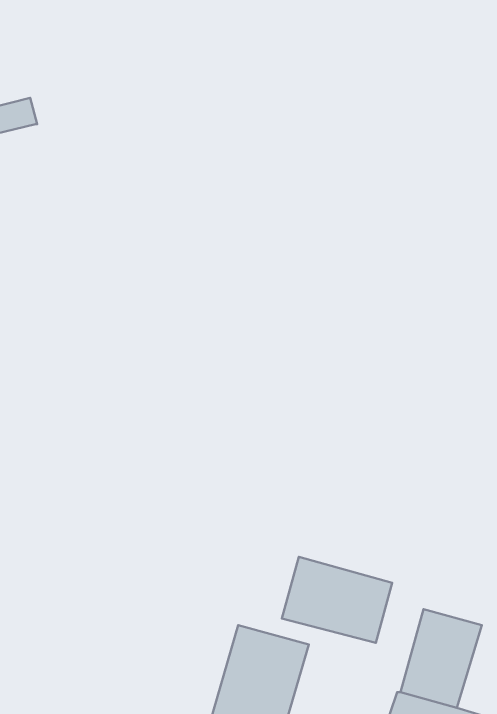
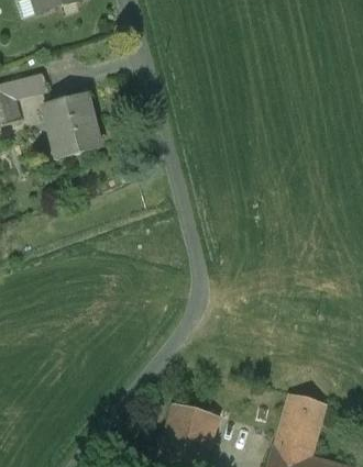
building: none -> [43,93,100,157]
building: [282,557,392,643] -> none

